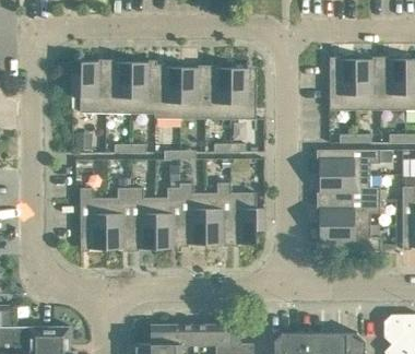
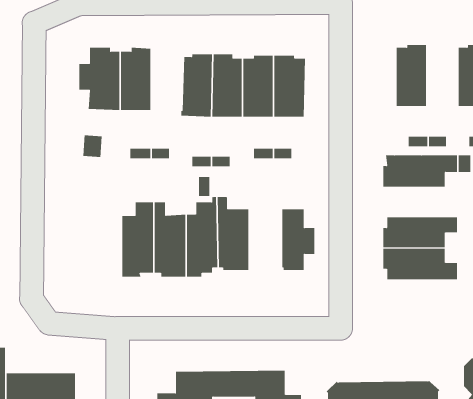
building: [355,60,380,110] -> none
building: [131,63,157,114] -> none
building: [319,176,380,200] -> none
building: [211,184,237,244] -> none
building: [80,188,107,249] -> none

